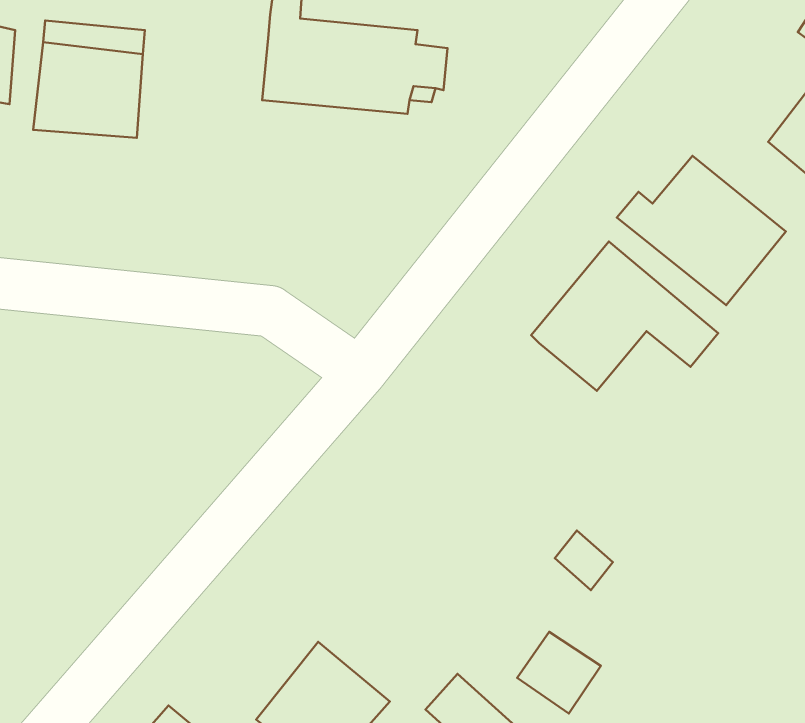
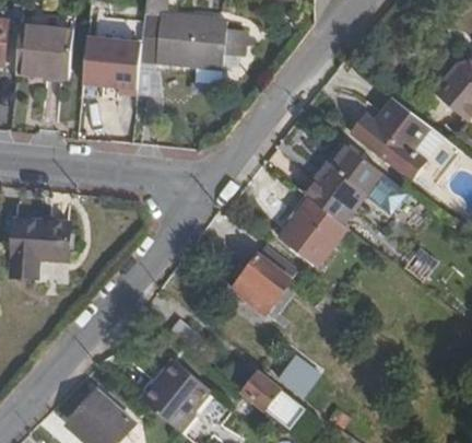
building: none -> [84,38,142,91]
building: none -> [266,194,334,264]
building: none -> [19,220,75,277]
building: none -> [228,248,293,316]

